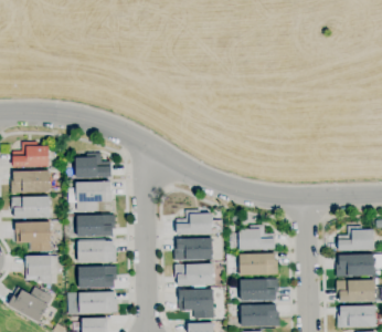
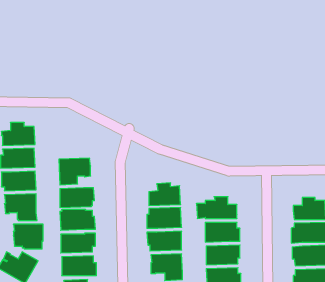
building: [76,153,112,178] -> none

